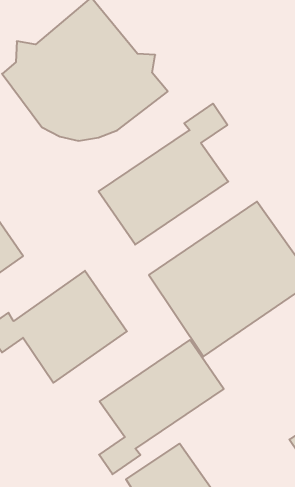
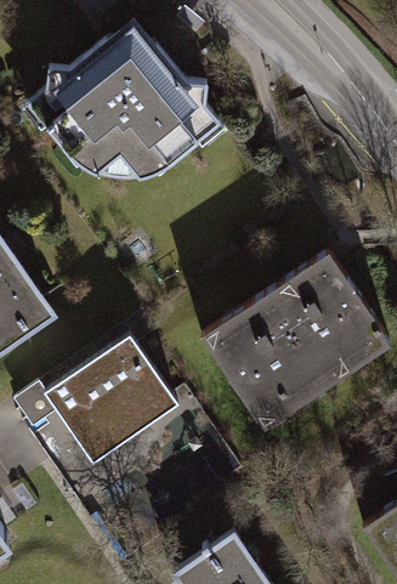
building: [99,104,228,245] -> none
building: [99,340,224,474] -> none

